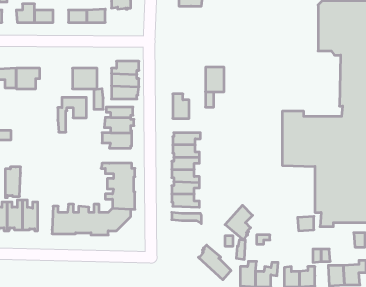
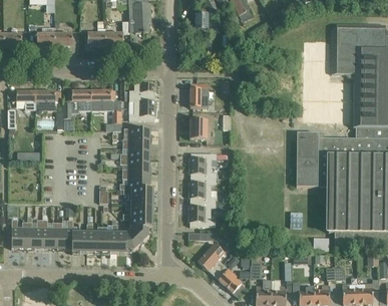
building: [206,67,224,92] -> [190,83,209,107]
building: [58,97,86,132] -> [63,90,91,124]
building: none -> [122,169,150,184]
building: [5,167,21,198] -> [57,220,72,250]
building: [225,205,253,240] -> [198,242,225,276]

